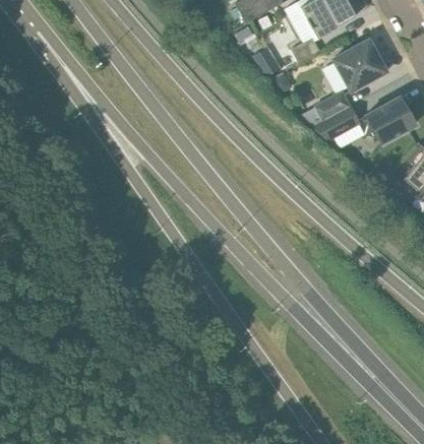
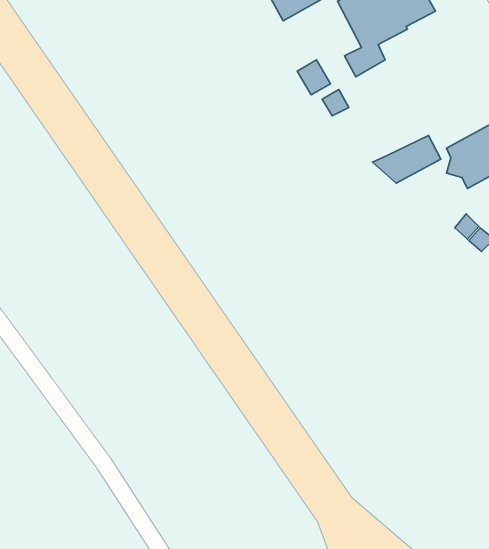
building: [332,39,387,91] -> none
building: [314,88,352,120] -> none

